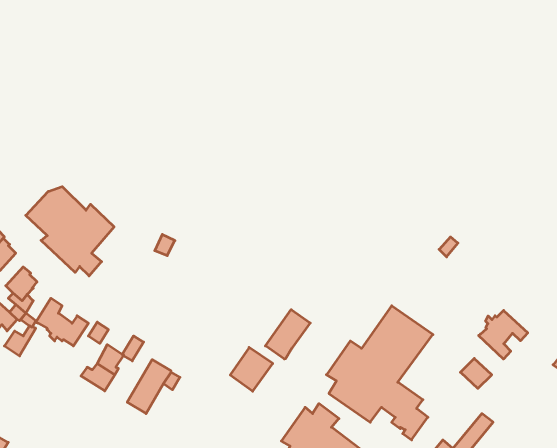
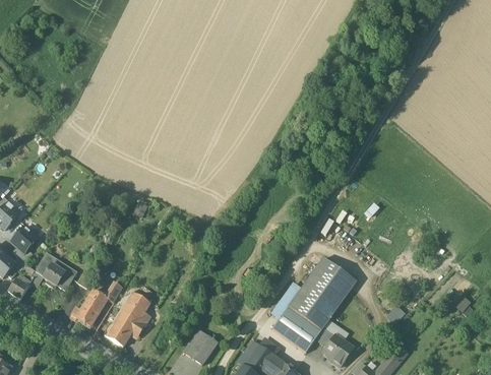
building: [26,187,114,276] -> none
building: [265,310,310,359] -> none
building: [479,310,528,359] -> none
building: [230,347,273,391] -> [183,328,218,364]

